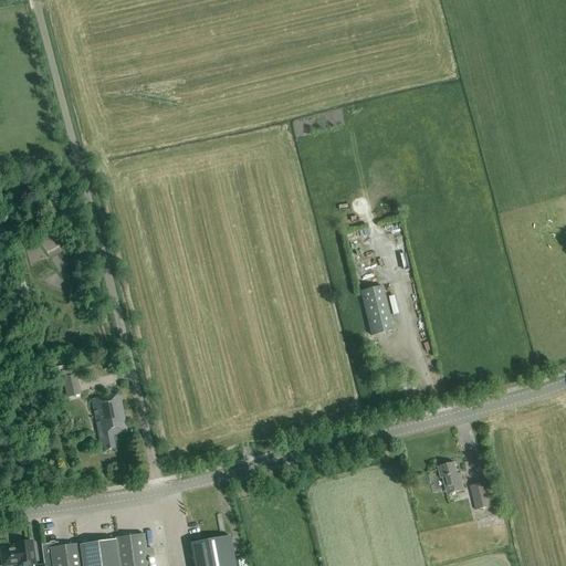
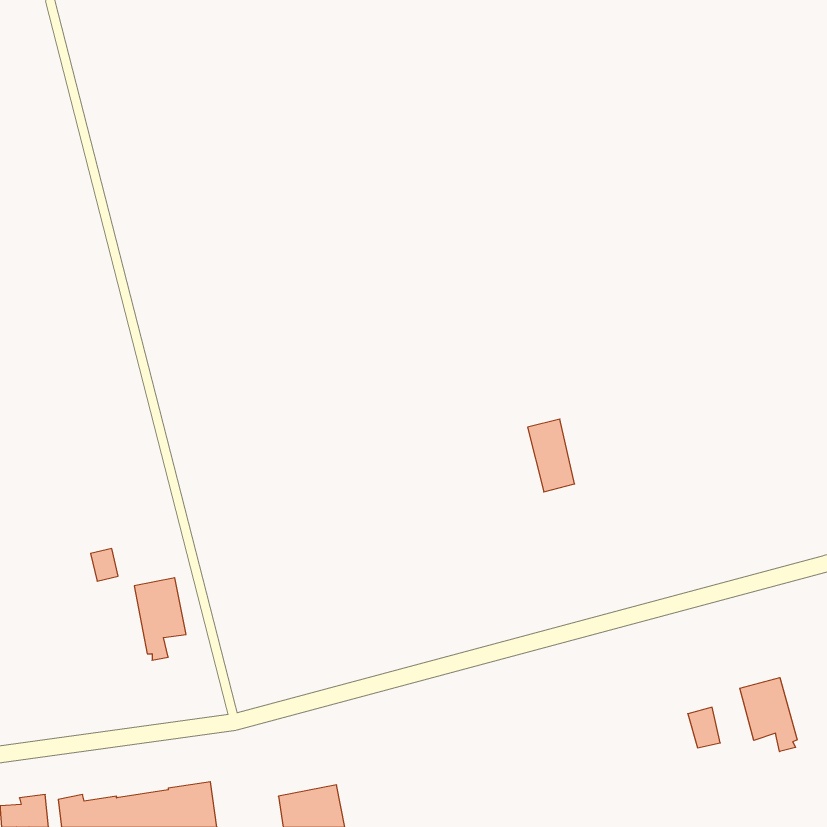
building: none -> [740,678,797,752]
building: [437,463,463,496] -> none

